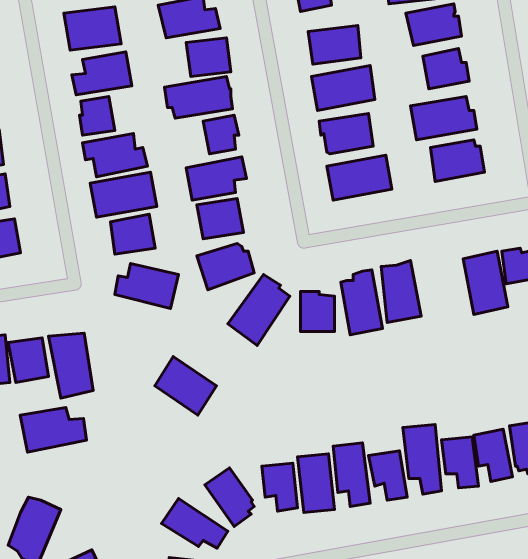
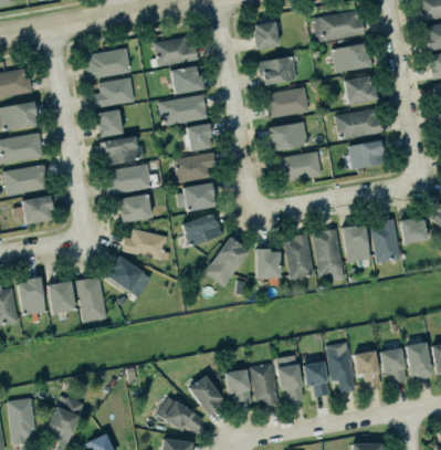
building: none -> [339,219,366,258]
building: [155,357,217,415] -> [108,257,153,299]
building: [20,407,87,452] -> none

